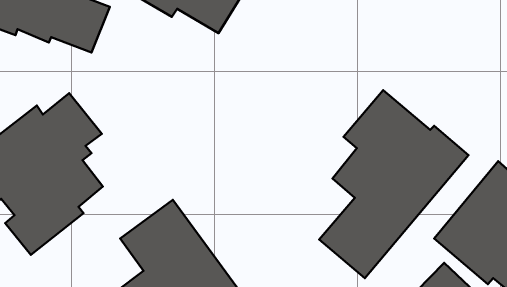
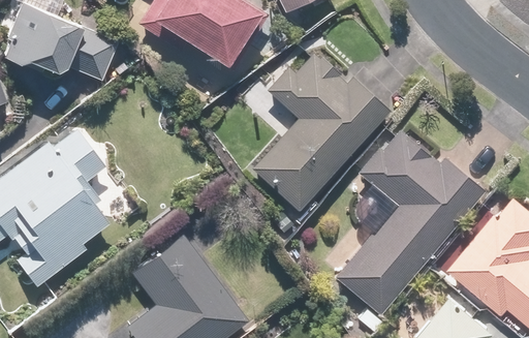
building: none -> [253,54,391,208]

